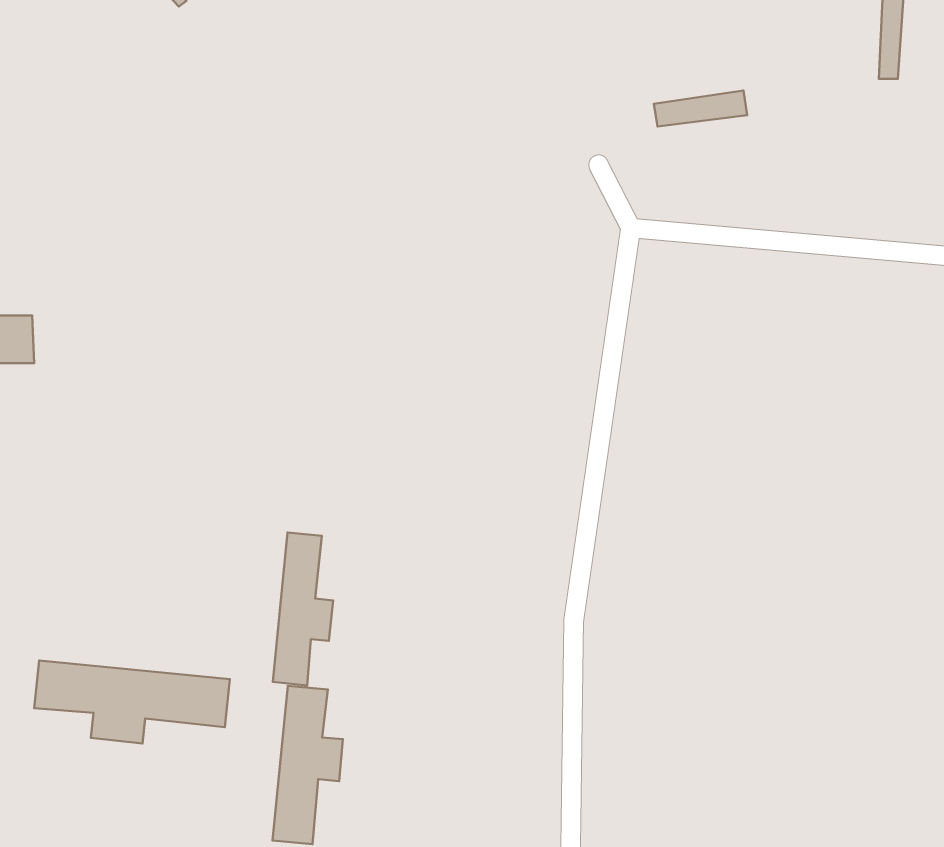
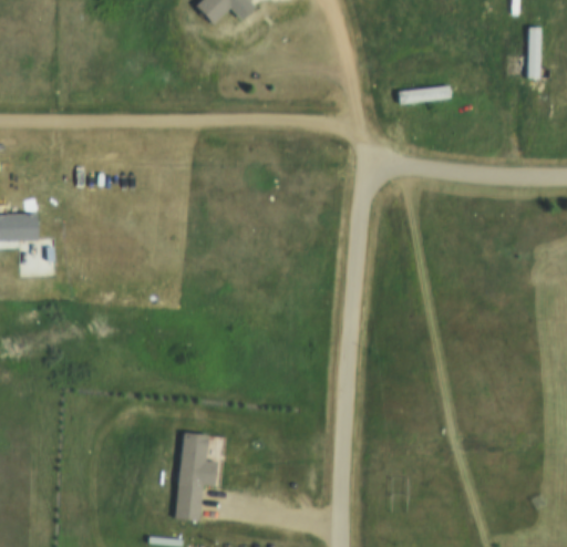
building: [273,532,333,685] -> none
building: [34,660,230,743] -> none

